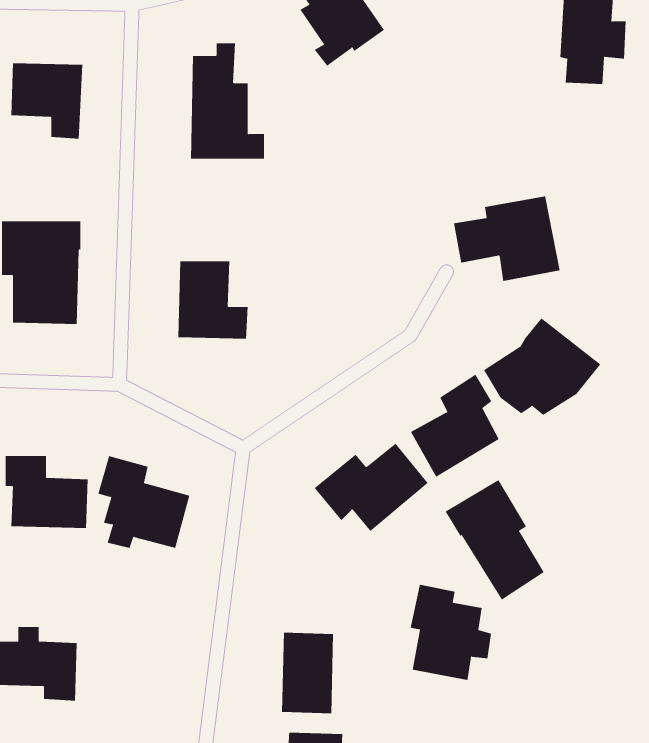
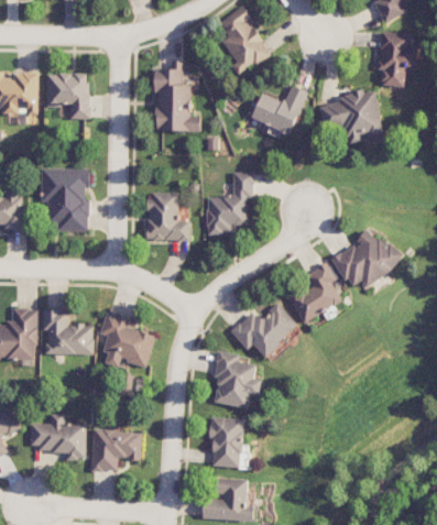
building: none -> [250,85,307,134]
building: [453,196,561,281] -> [318,89,383,141]
building: none -> [205,172,252,229]
building: [445,479,544,600] -> none
building: [410,584,492,681] -> [211,350,261,408]
building: none -> [90,429,140,471]

